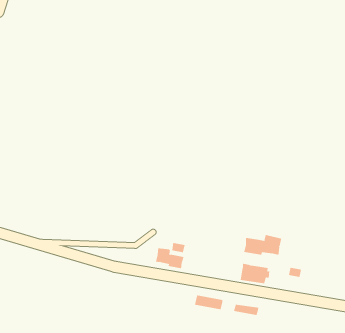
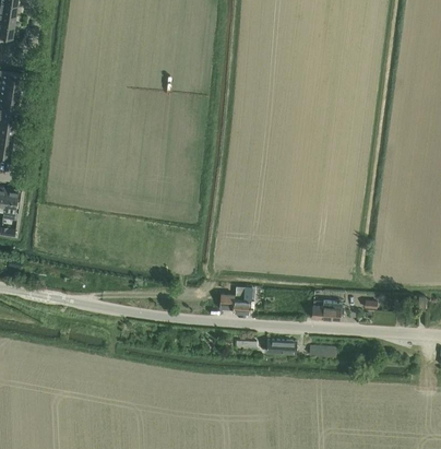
building: [244,234,282,256] -> none

